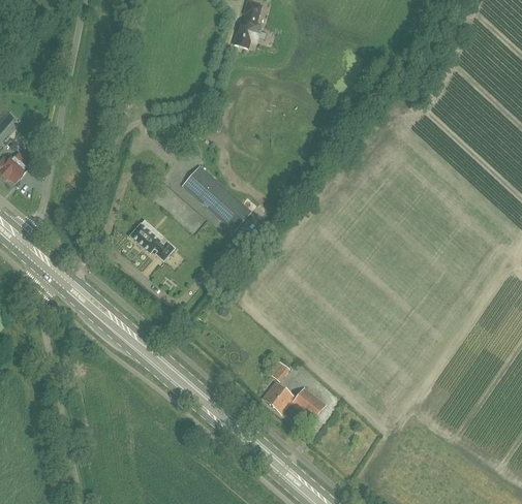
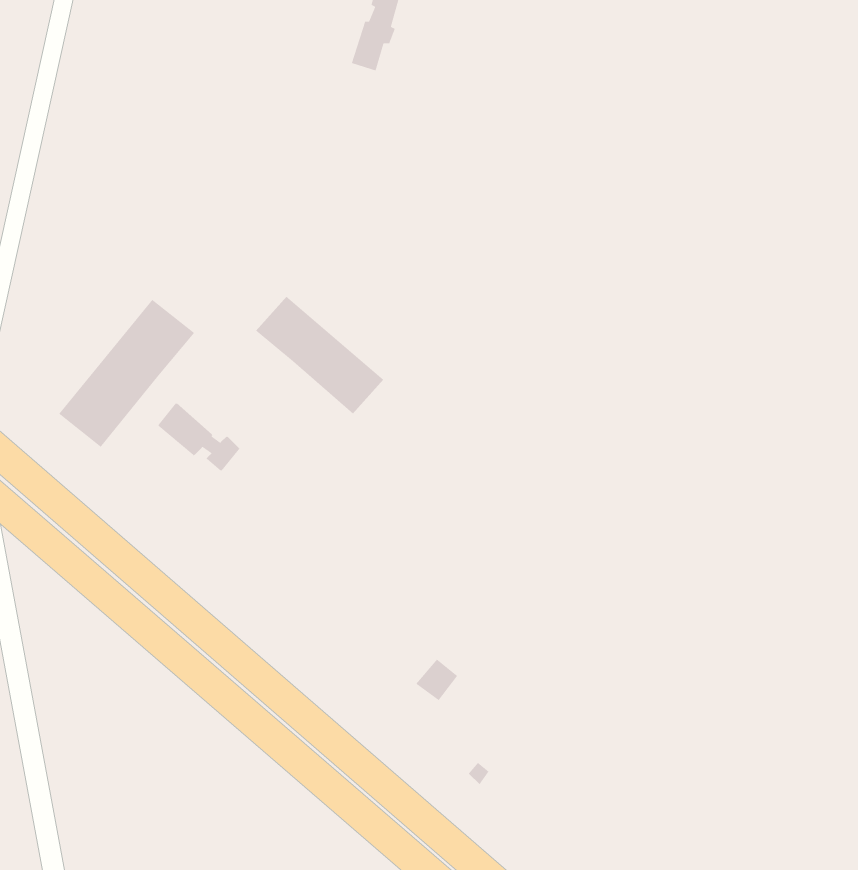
building: none -> [58,299,195,448]
building: [263,380,327,418] -> none

